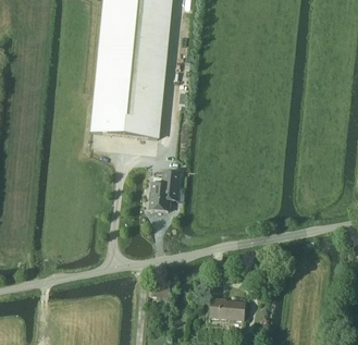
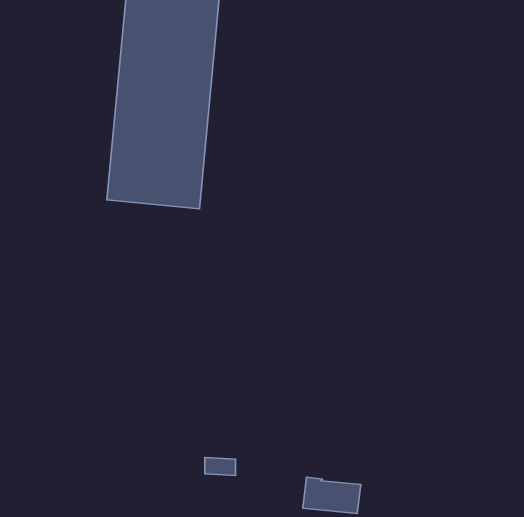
building: [150,171,181,210] -> none

